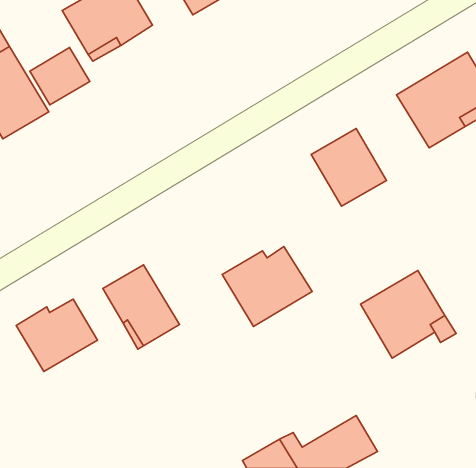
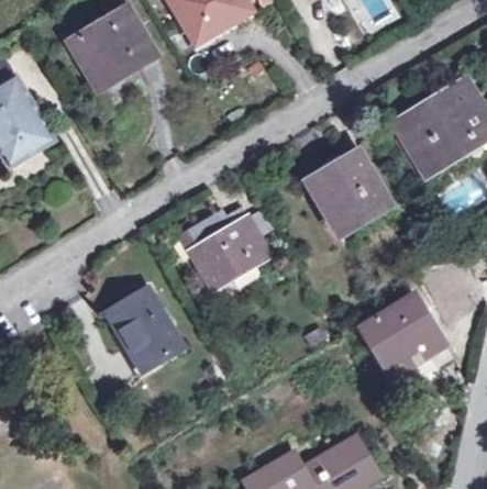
building: [30,48,90,105] -> none
building: [222,246,312,326] -> [181,210,269,288]
building: [16,299,97,371] -> none

